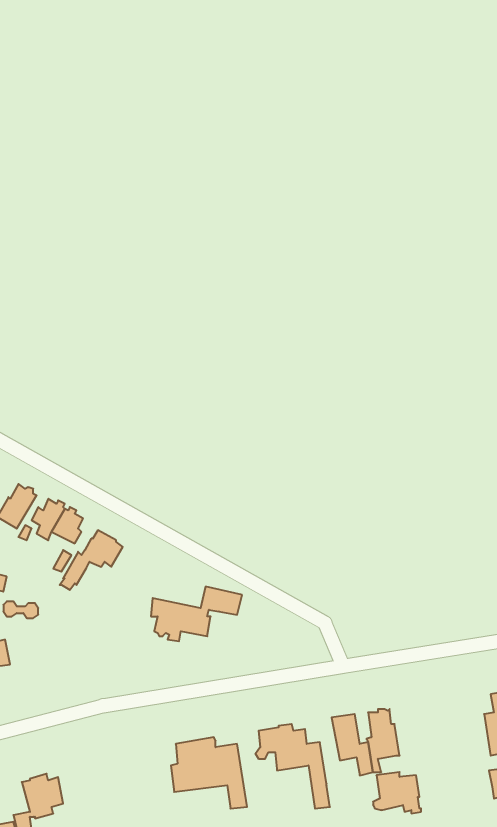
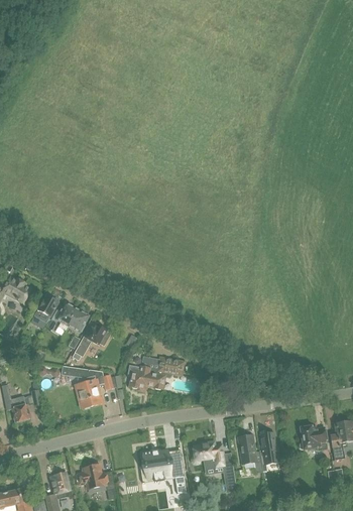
building: none -> [76,368,117,407]
building: none -> [77,466,115,490]
building: [373,772,421,813] -> [299,426,328,452]

